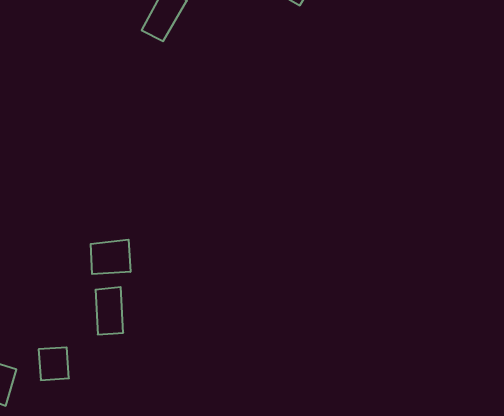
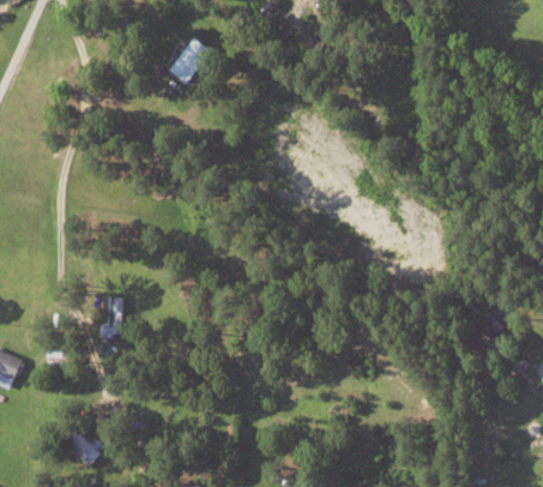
building: [91,240,130,274] -> none

